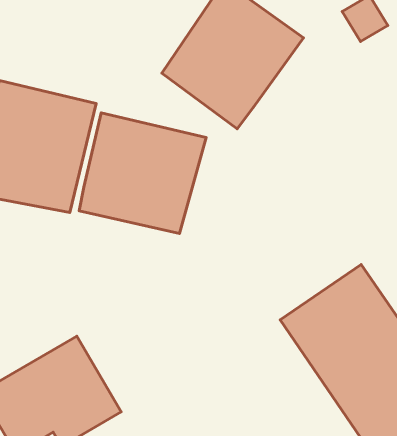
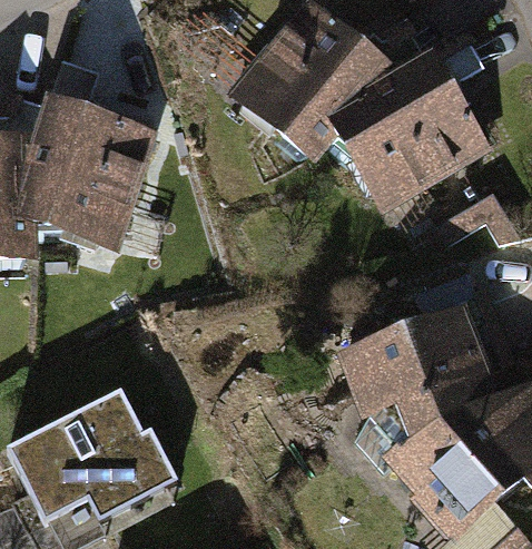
building: none -> [335,47,486,207]
building: [79,113,206,234] -> none

